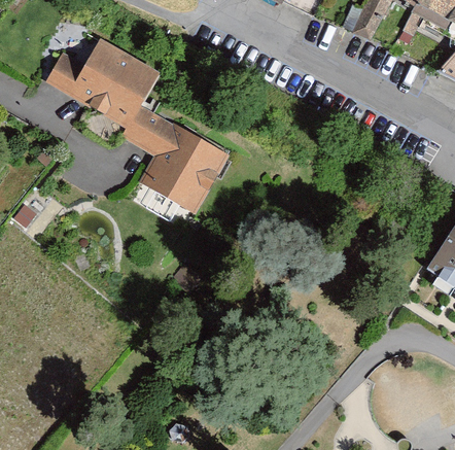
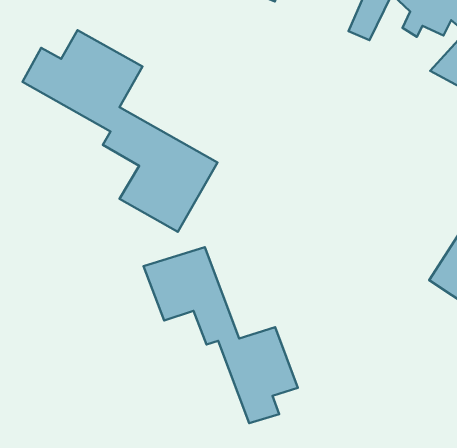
building: none -> [143,247,298,423]

